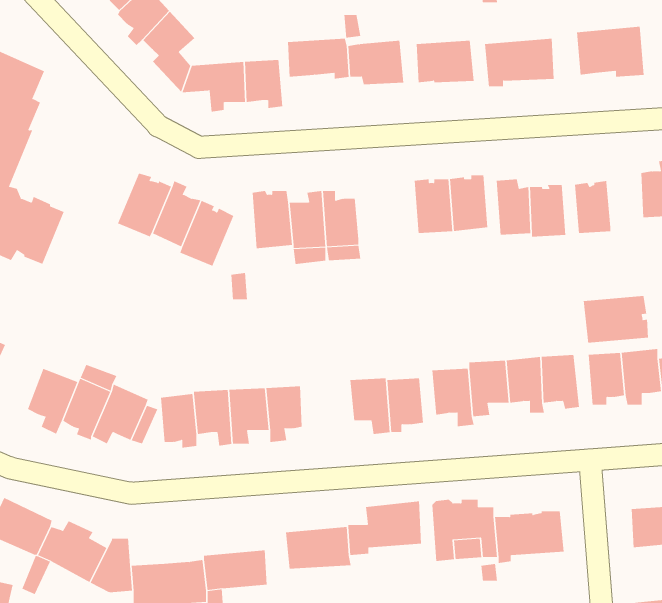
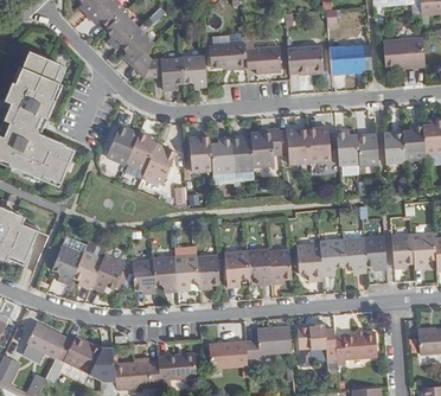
building: none -> [403,124,426,159]
building: none -> [250,130,280,166]
building: [583,295,648,344] -> none
building: none -> [224,251,249,287]

